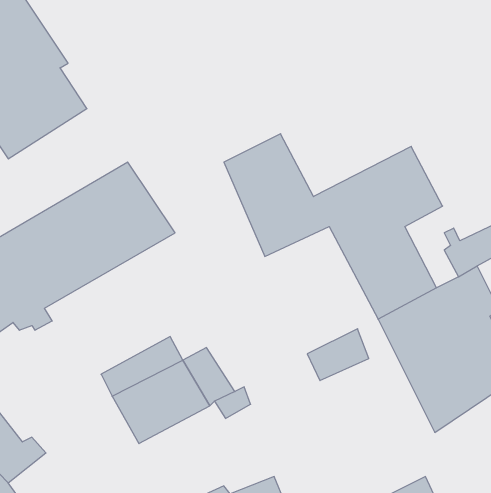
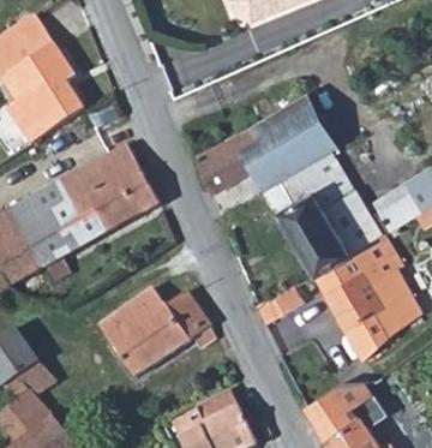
building: none -> [238,91,341,179]

